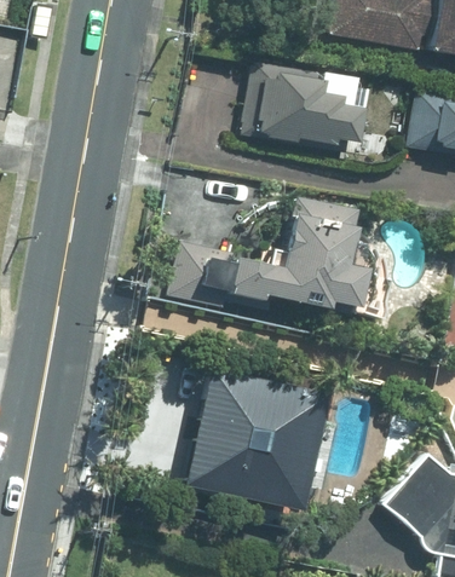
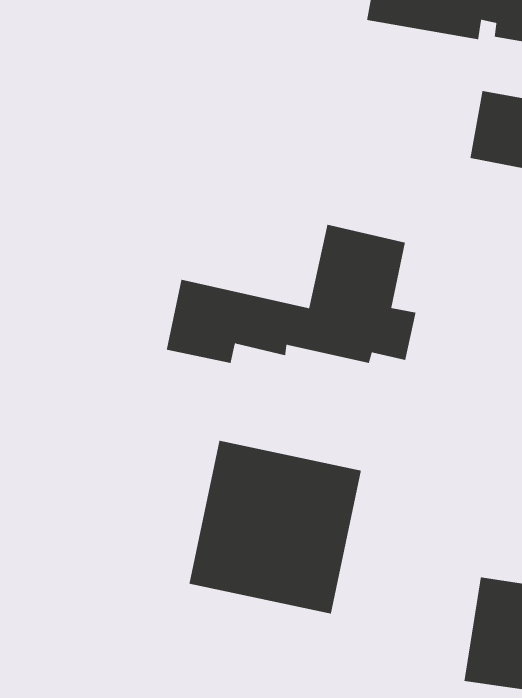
building: [242,60,368,154] -> none

